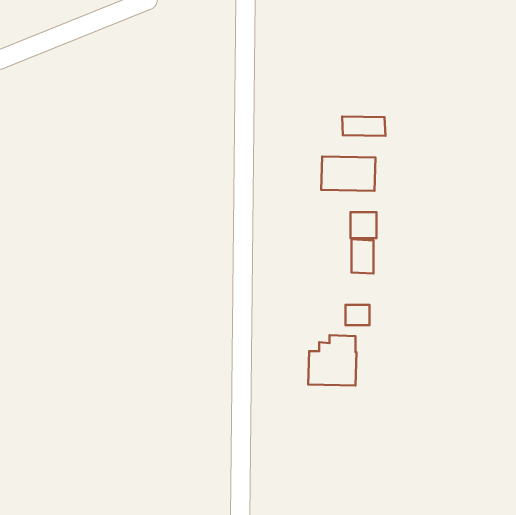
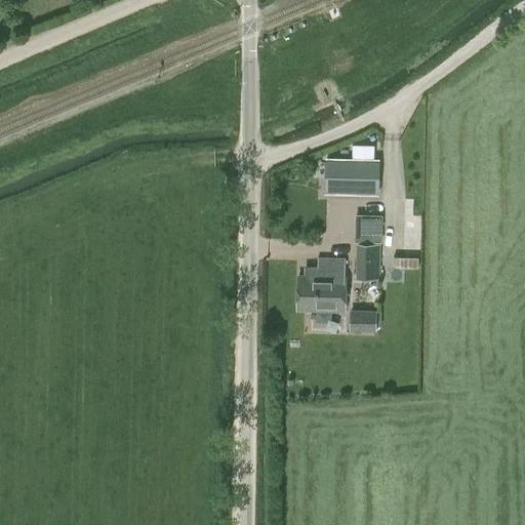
building: [342,116,385,136] -> none
building: [308,335,357,386] -> [295,259,345,311]

